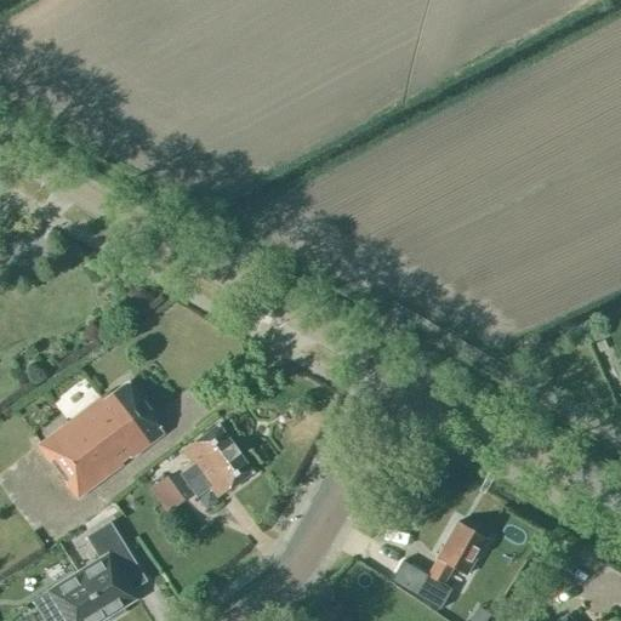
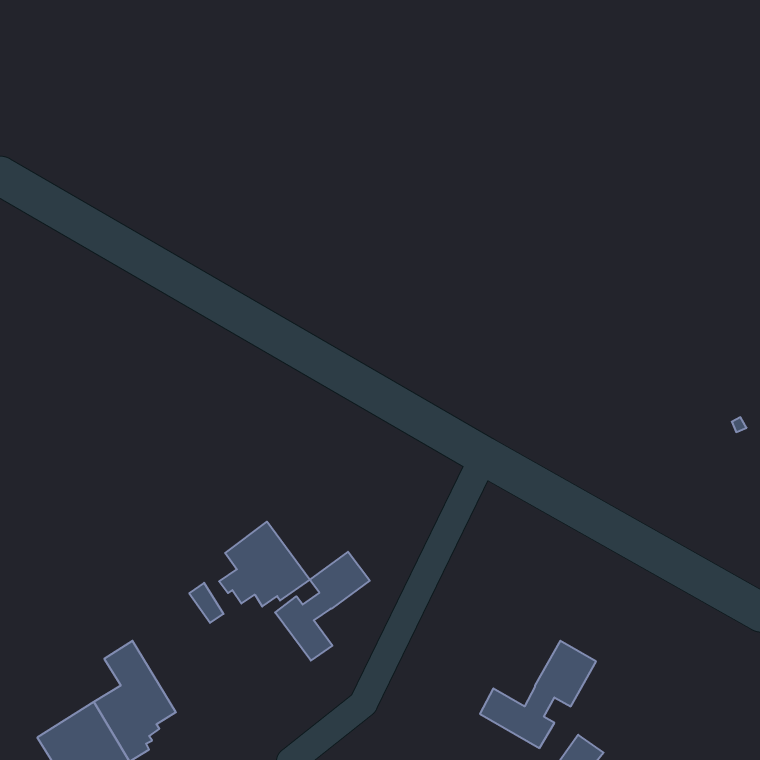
building: [38,382,165,498] -> none
building: none -> [275,552,370,661]

